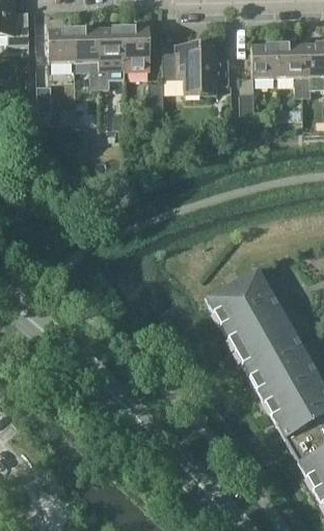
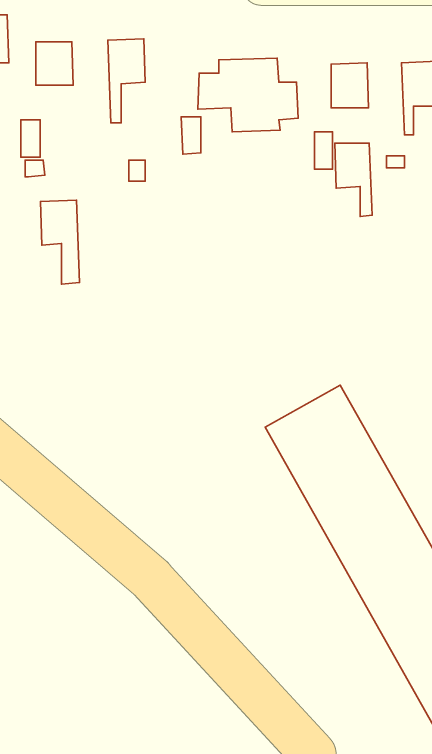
building: [123,29,150,69] -> none
building: [73,30,100,88] -> [40,200,79,284]
building: [277,46,303,96] -> [335,143,372,217]

